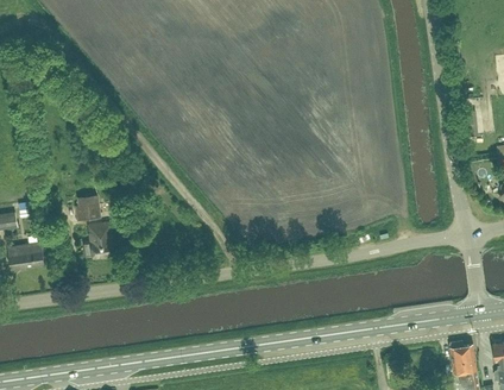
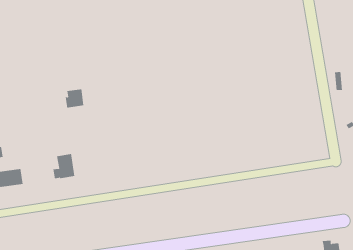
building: [75,195,101,221] -> [65,89,84,108]

